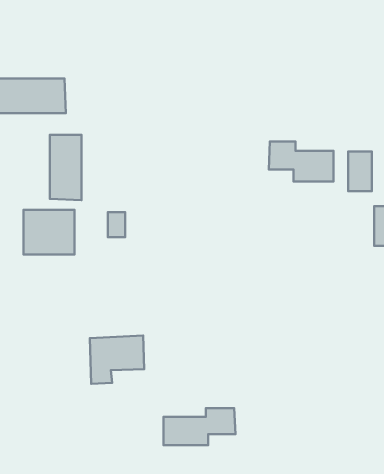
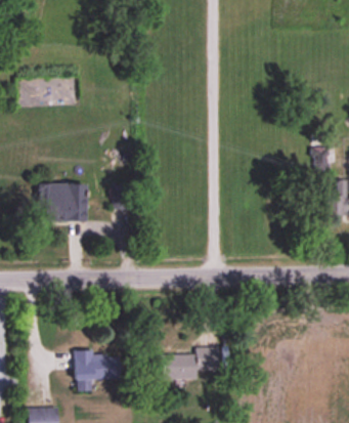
building: [50,135,82,200] -> none
building: [269,142,334,182] -> none
building: [90,336,144,384] -> [75,351,120,391]

